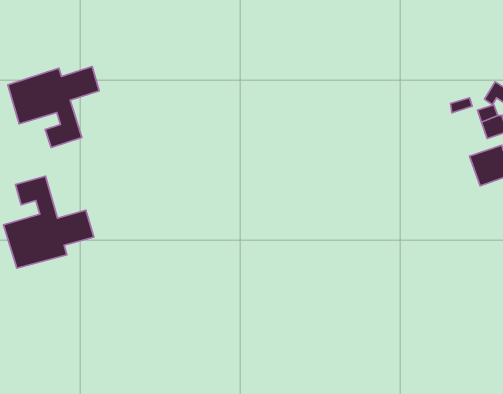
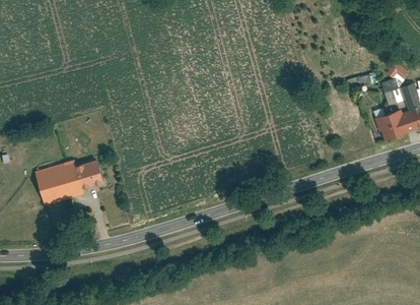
building: [8,67,99,147] -> none

